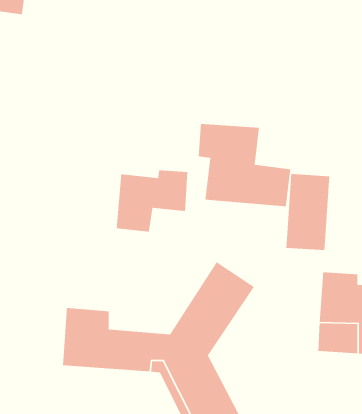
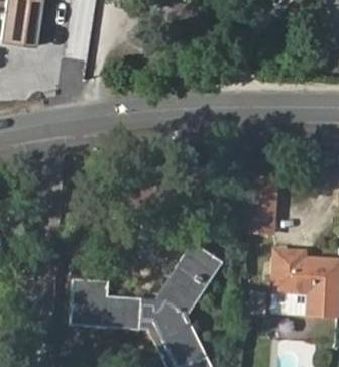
building: [198,123,291,207] -> none
building: [116,170,188,232] -> none

